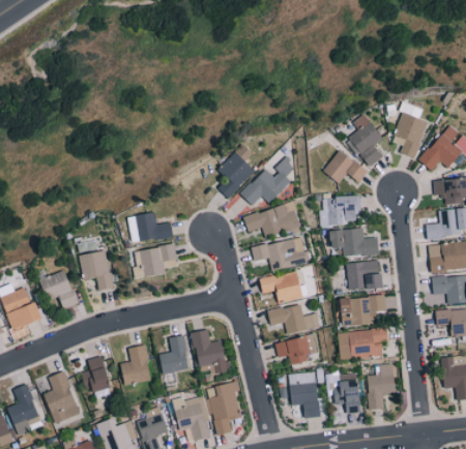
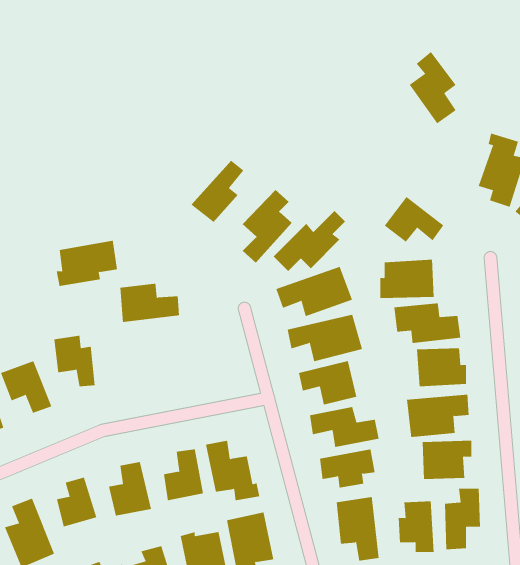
building: [348,114,383,168] -> [409,51,457,124]
building: none -> [191,160,244,223]
building: [133,244,178,278] -> [56,240,118,286]

